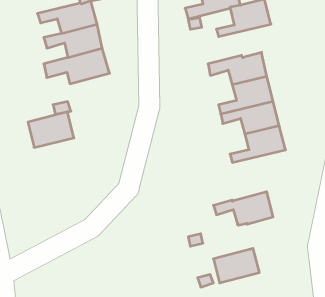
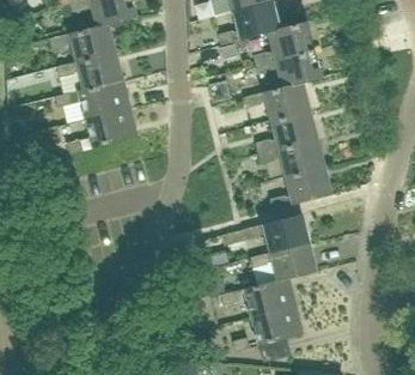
building: none -> [256,52,323,90]
building: [28,112,74,147] -> [86,108,139,149]
building: none -> [244,214,311,254]
building: none -> [243,279,295,320]

